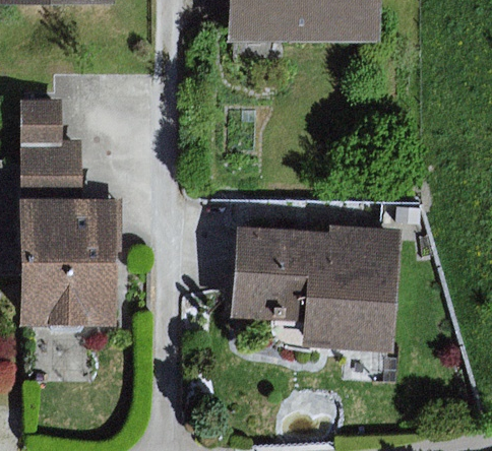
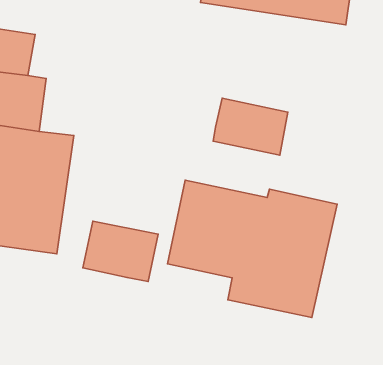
building: none -> [213,98,288,155]
building: none -> [83,221,158,281]

